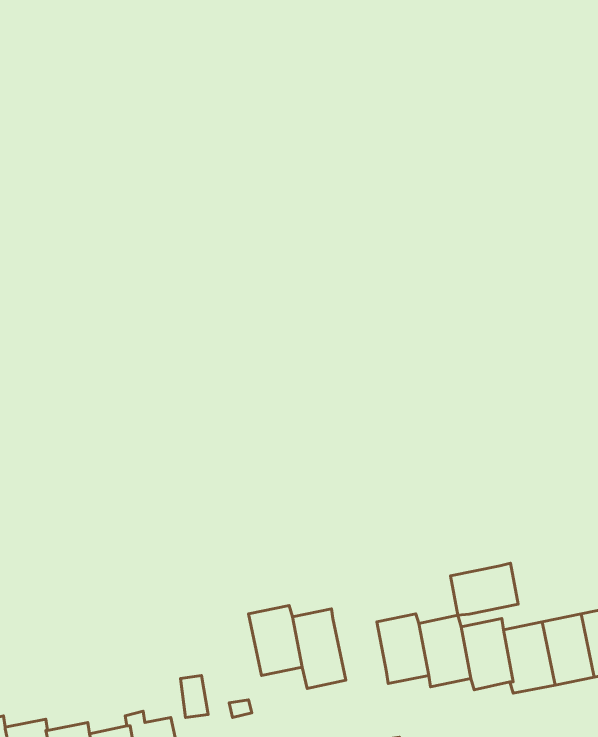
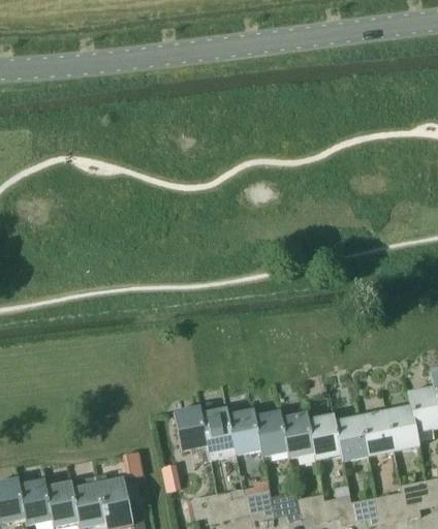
building: [451,563,518,615] -> none
building: none -> [227,409,261,454]

